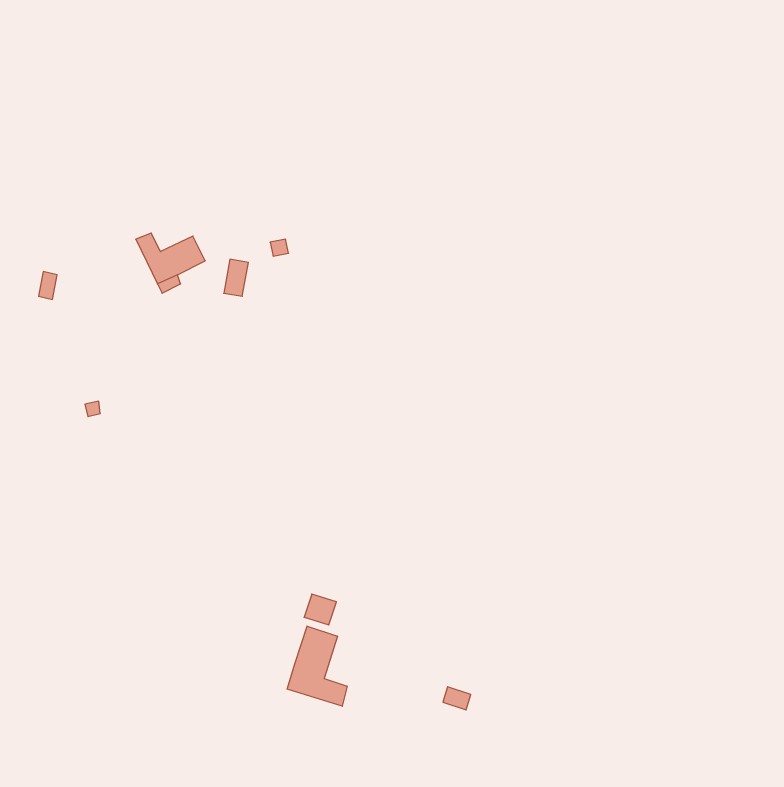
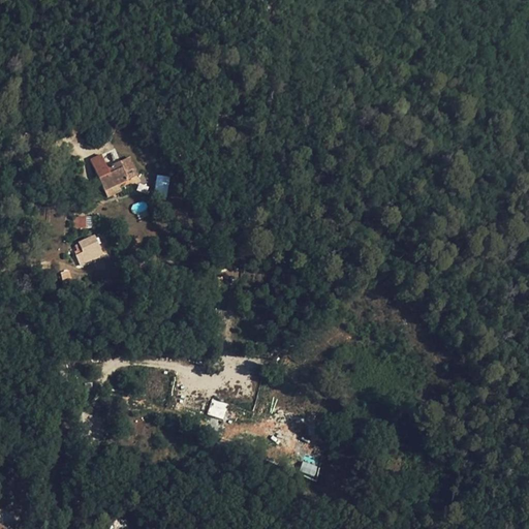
building: none -> [80,235,106,262]
building: [287,626,347,706] -> none

